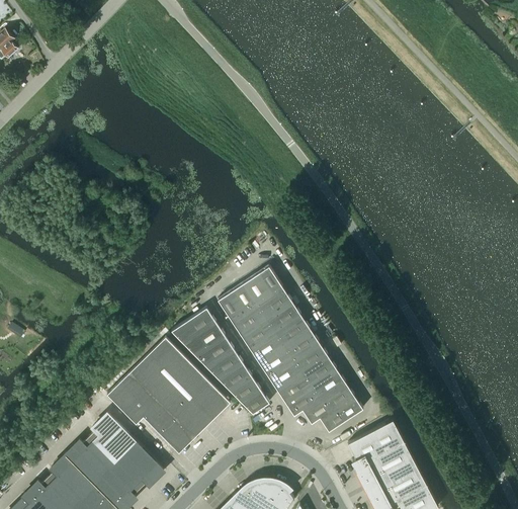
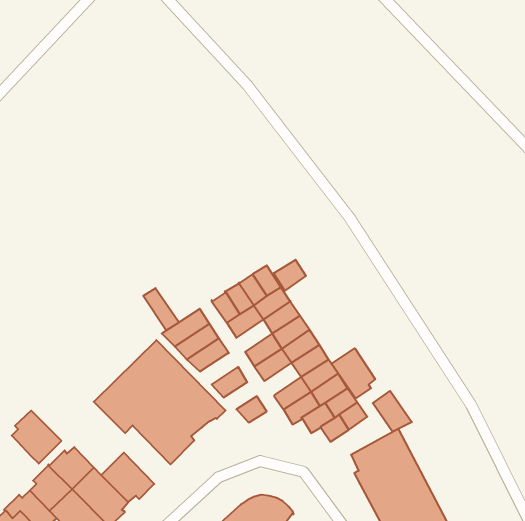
building: none -> [273,260,306,291]
building: none -> [143,288,179,331]
building: [241,318,274,348] -> none
building: none -> [331,348,375,399]
building: [206,349,243,378] -> none
building: [267,358,301,390] -> none
building: [229,376,260,402] -> none
building: none -> [373,391,412,432]
building: [89,414,136,463] -> [12,411,61,464]

